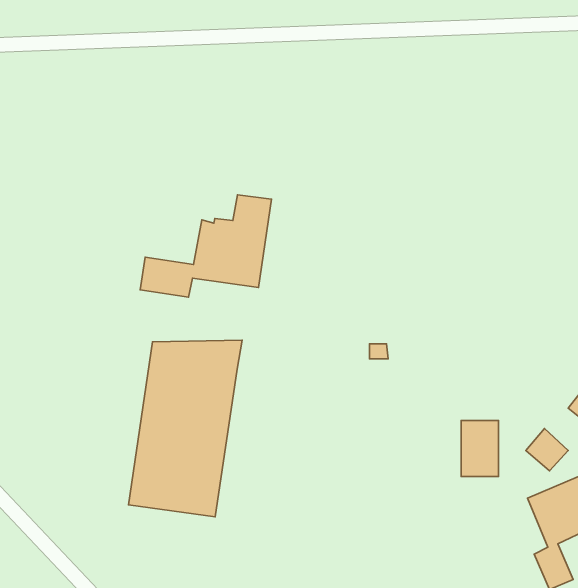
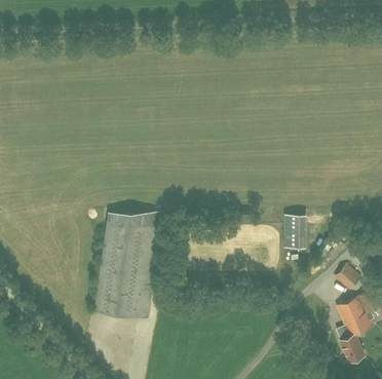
building: [140,195,272,297] -> none
building: [461,420,498,476] -> [281,214,304,248]

